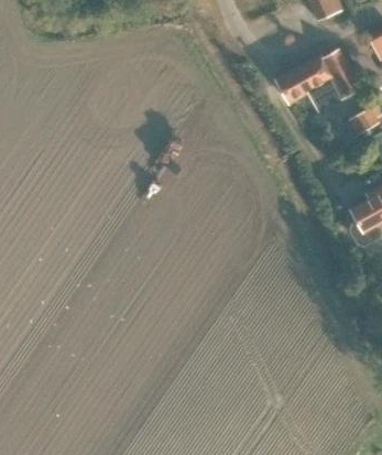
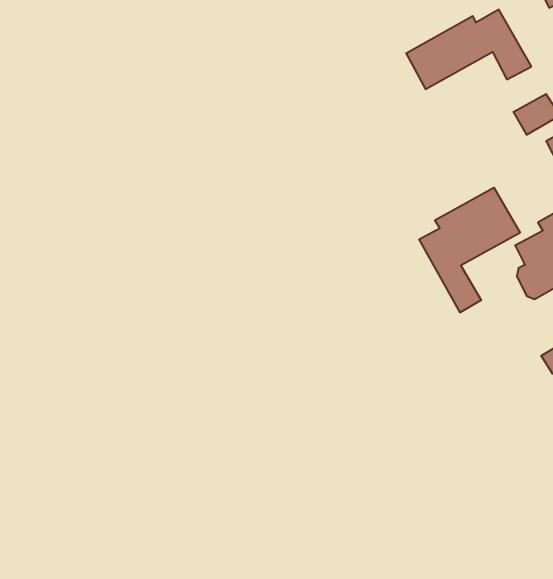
building: none -> [419,188,520,313]

